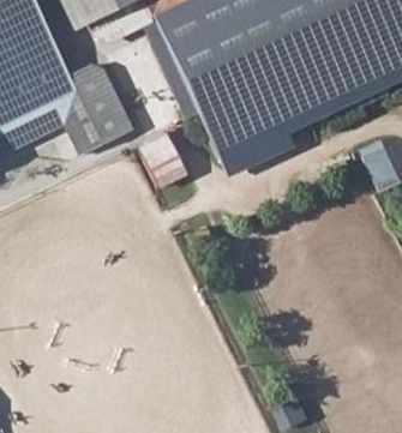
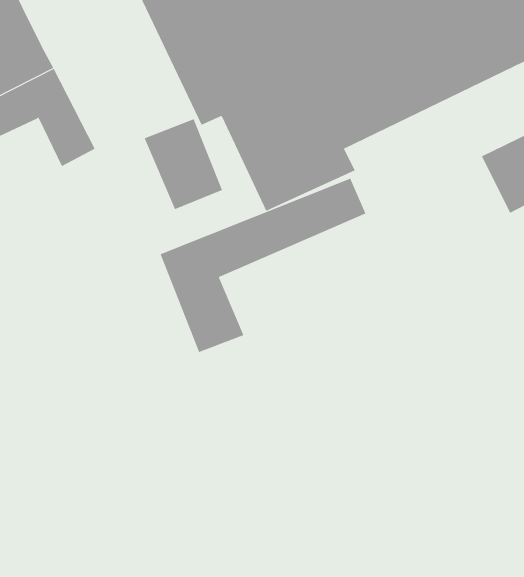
building: [71,60,132,142] -> none
building: none -> [160,178,366,353]

